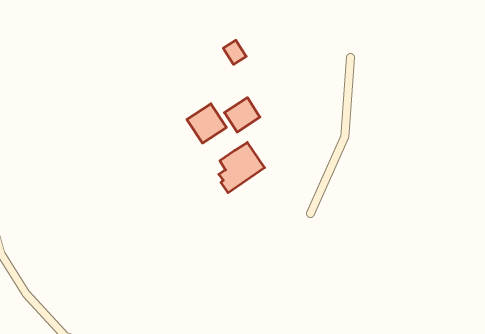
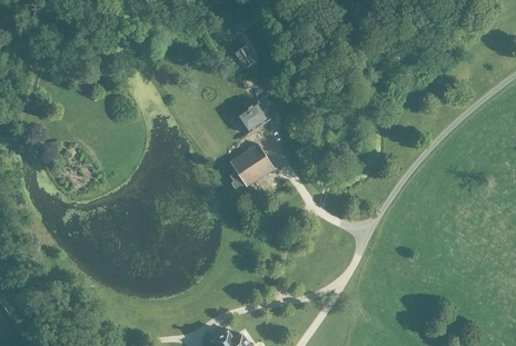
building: [187,104,226,143] -> none

